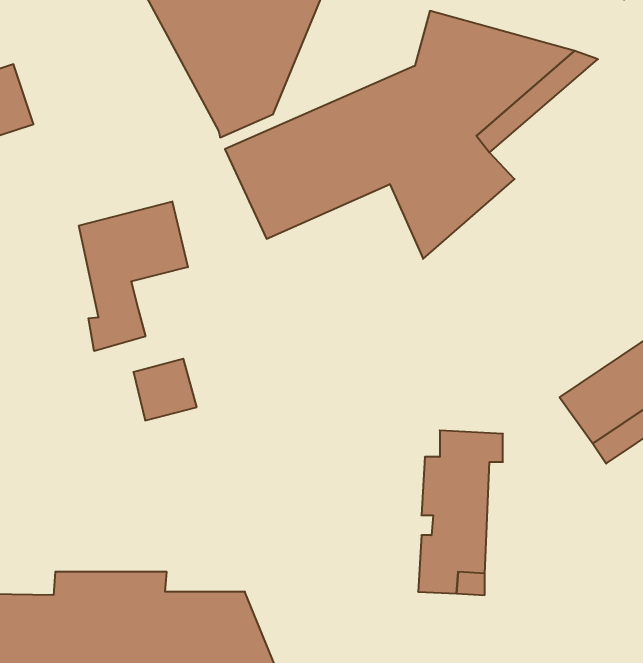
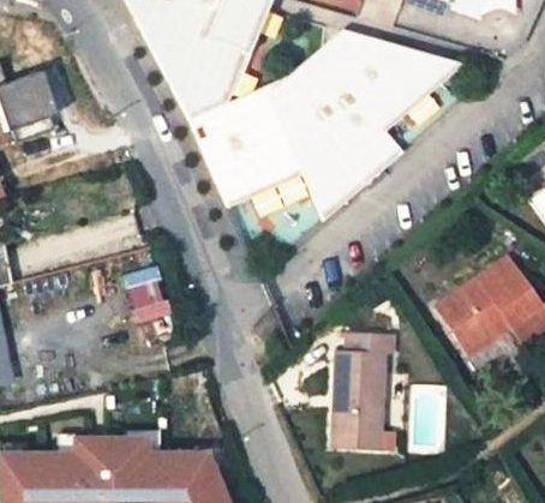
building: none -> [223,155,336,221]
building: [79,201,188,351] -> none

